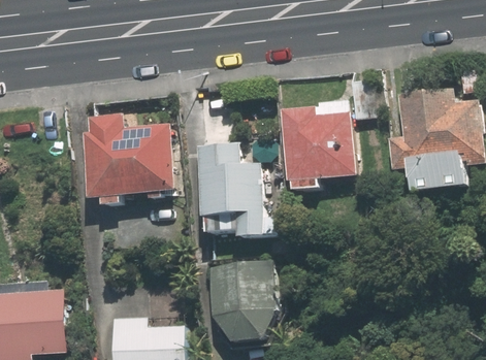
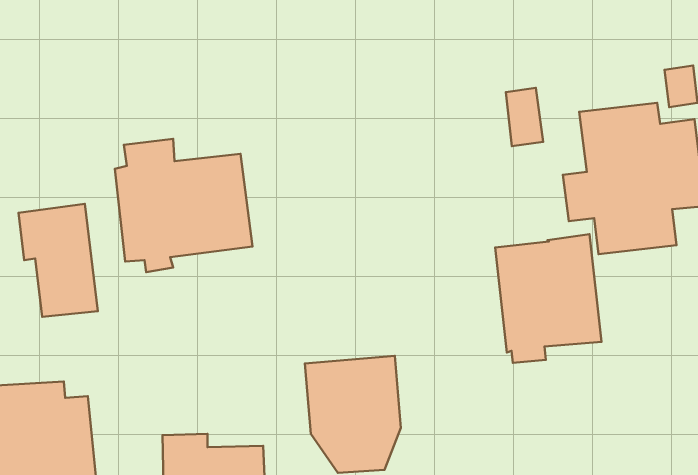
building: [281,100,354,189] -> [495,234,601,363]
building: [195,140,279,237] -> none
building: none -> [19,204,98,317]

